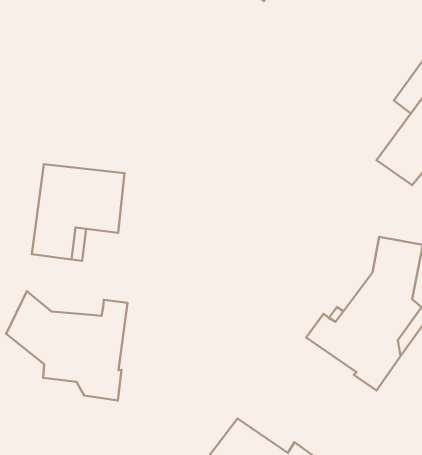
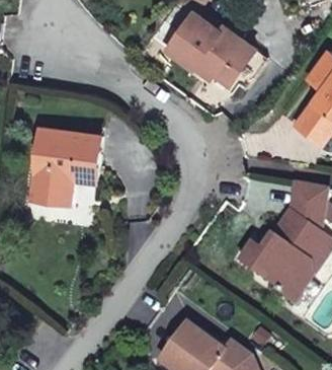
building: none -> [164,11,259,96]
building: [6,291,128,400] -> none

